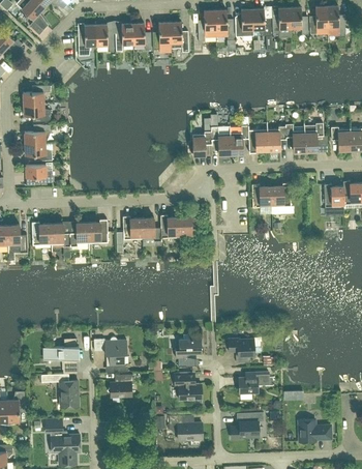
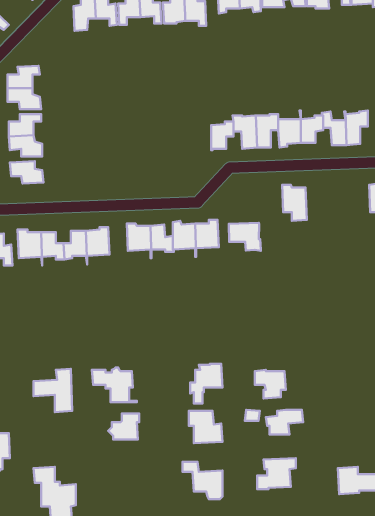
building: [271,183,291,213] -> none
building: none -> [229,223,261,251]
building: [59,381,79,407] -> none

